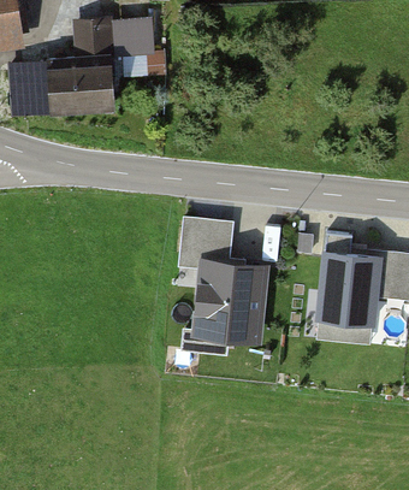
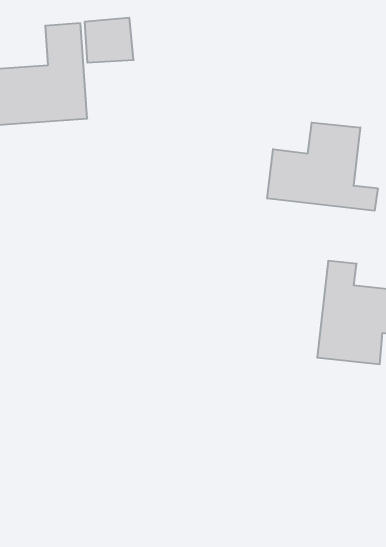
building: none -> [267,122,378,211]
building: [182,219,265,340] -> none

